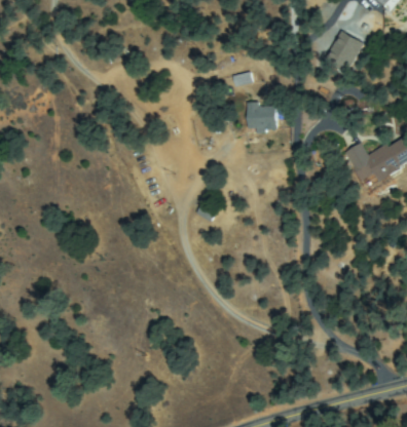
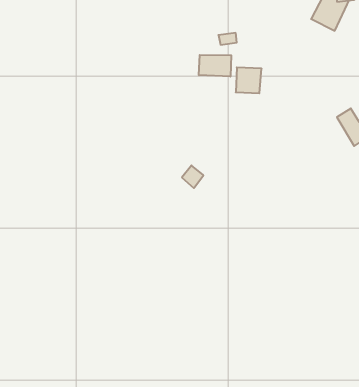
building: none -> [199,55,231,77]

